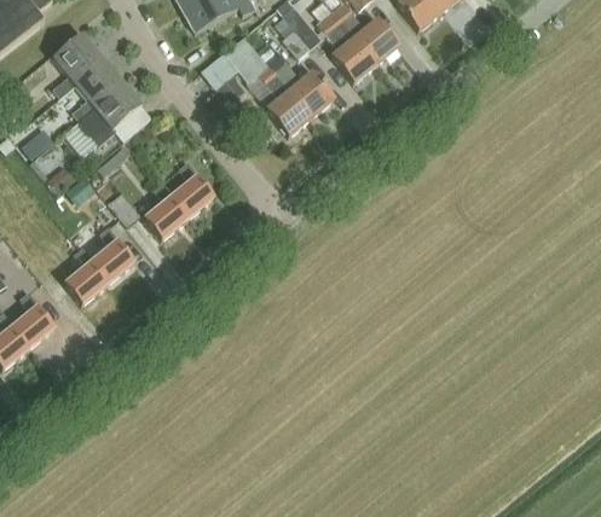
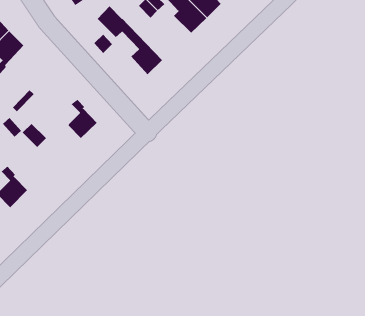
building: [259,45,334,117] -> none
building: [91,81,141,145] -> none
building: [143,182,187,240] -> none
building: [91,226,133,283] -> none

